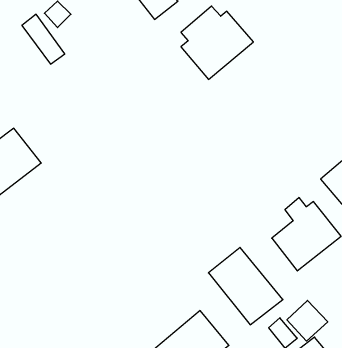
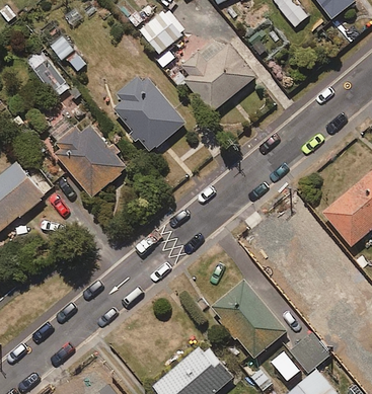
building: none -> [114,72,184,152]
building: none -> [49,119,126,198]

